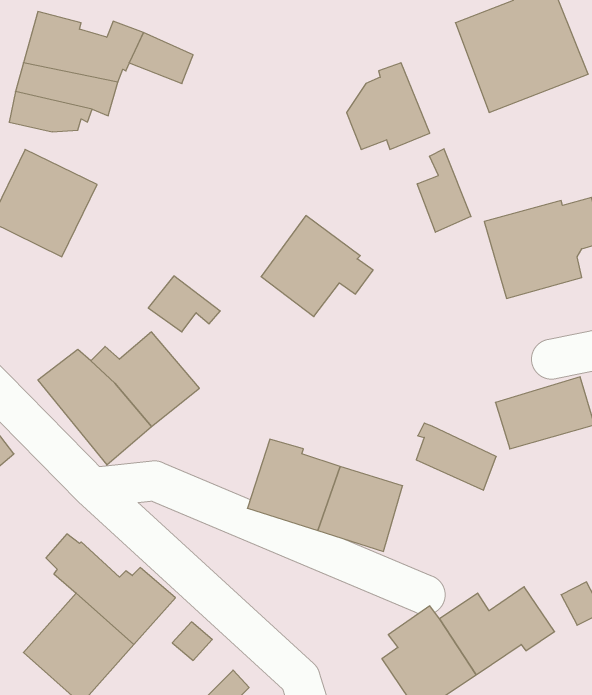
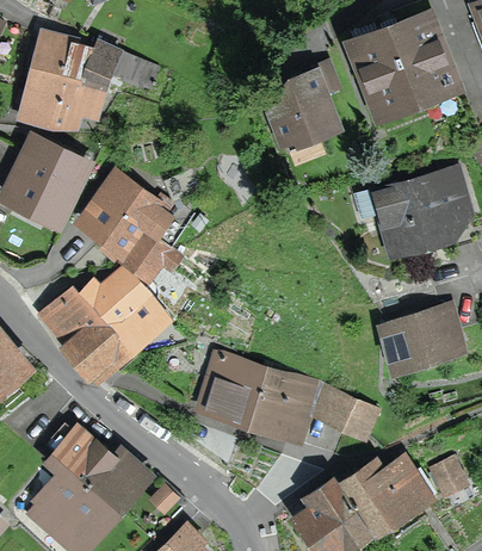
building: [417,149,471,232] -> none
building: [261,216,373,317] -> [82,174,166,249]
building: [416,423,496,490] -> [319,385,378,435]

